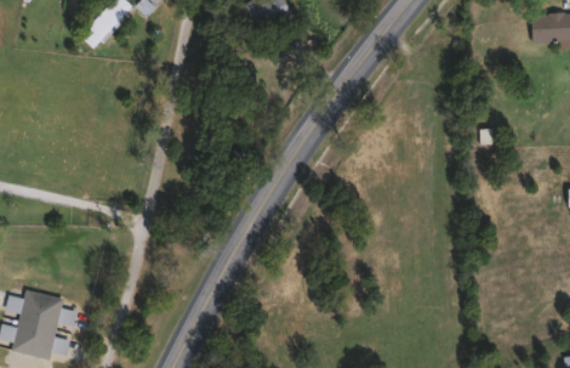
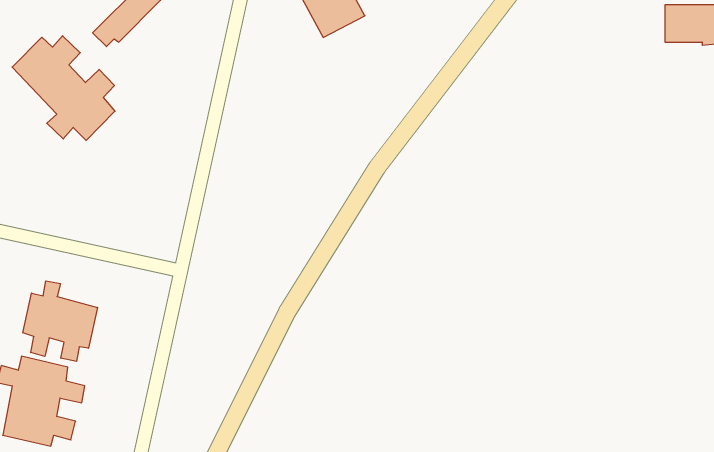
building: none -> [12,36,115,140]
building: none -> [23,281,98,361]

